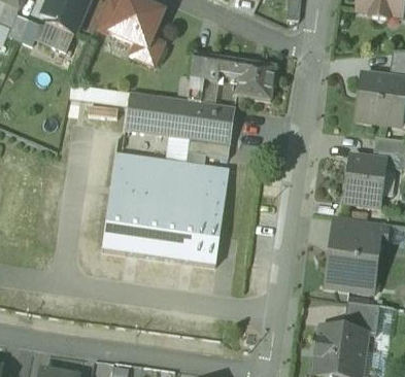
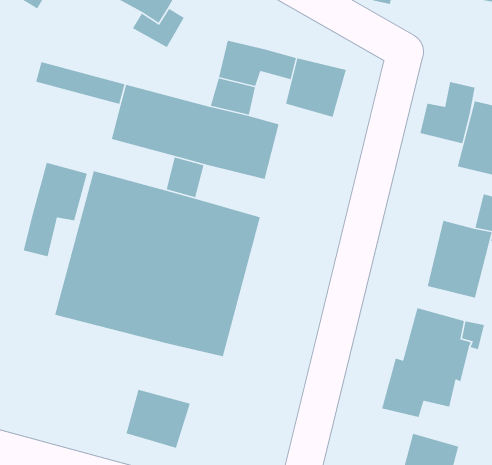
building: none -> [419,81,476,144]
building: none -> [23,162,88,257]
building: none -> [126,389,191,449]

